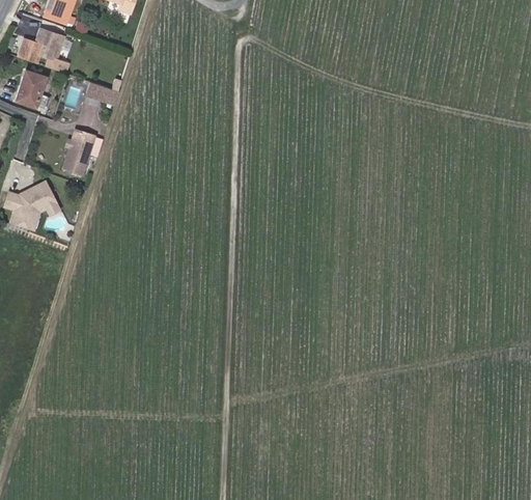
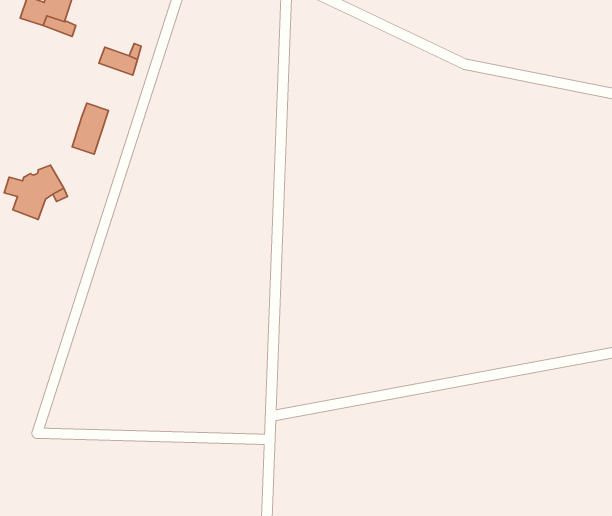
building: [17,70,50,108] -> none

